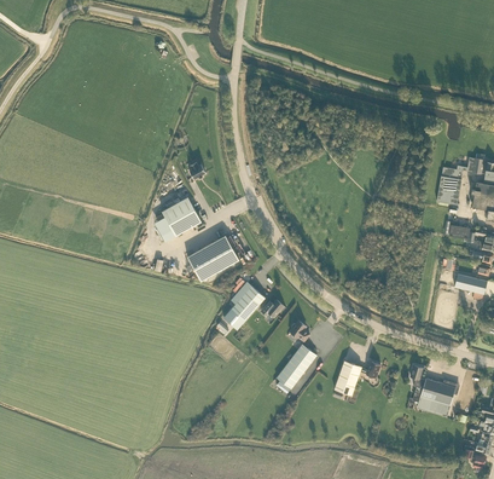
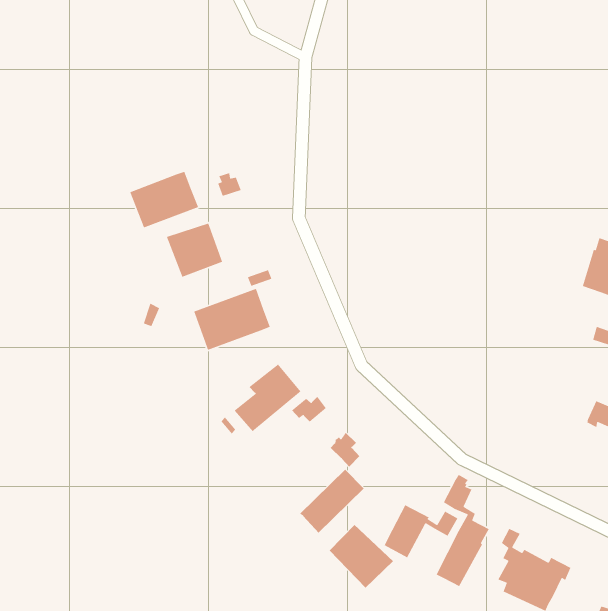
building: none -> [129,171,199,228]
building: none -> [435,474,490,587]
building: none -> [329,524,394,588]

